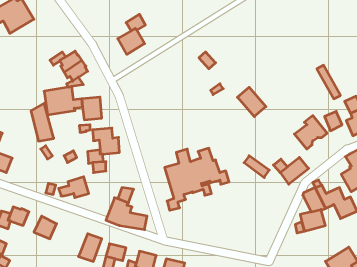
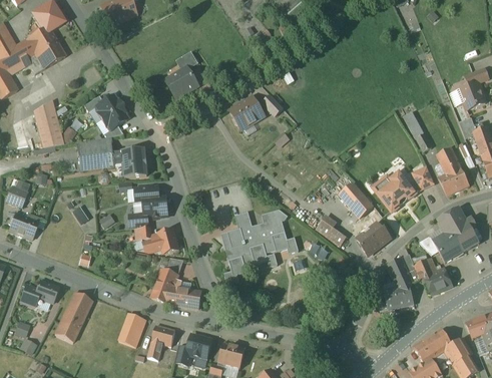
building: none -> [229,96,265,130]
building: [237,87,266,117] -> [340,182,374,218]
building: [31,103,54,141] -> [35,102,62,147]
building: [59,177,89,198] -> [143,229,179,254]
building: none -> [54,311,84,342]

